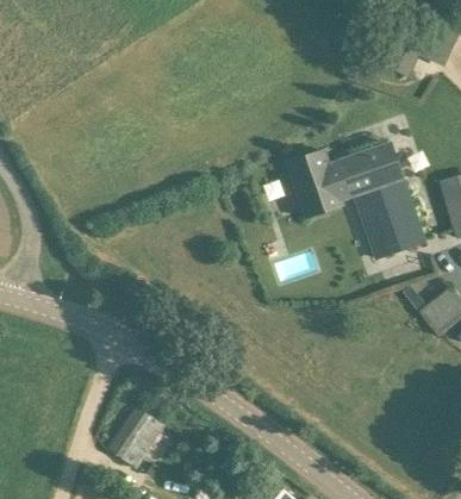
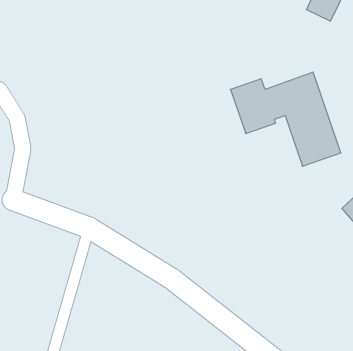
building: [107,403,164,463] -> none

